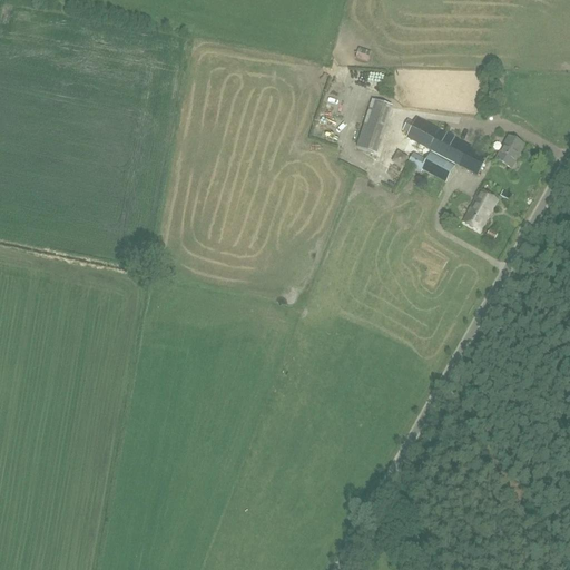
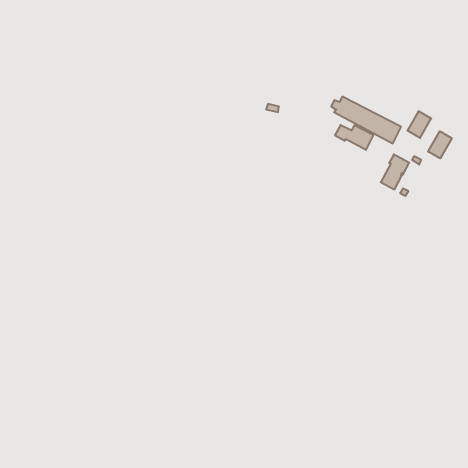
building: [361,98,385,149] -> none
building: none -> [428,131,452,158]

